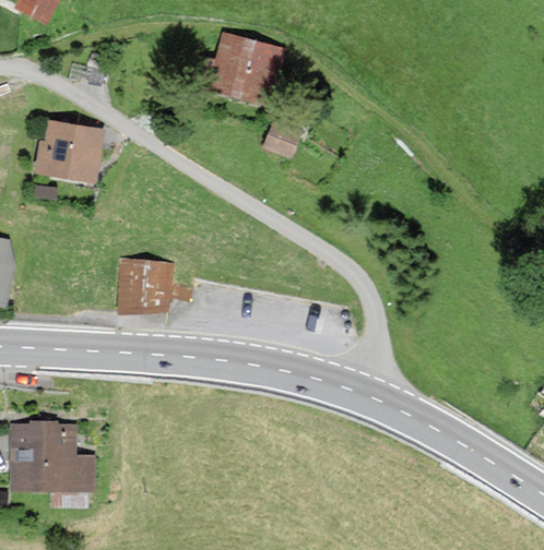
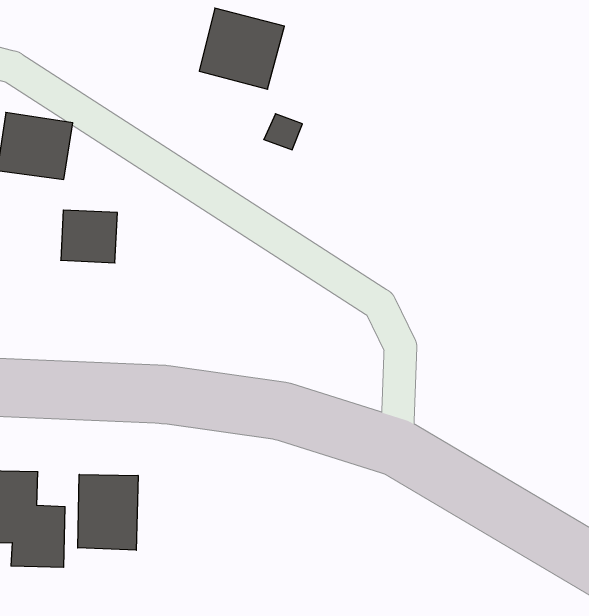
building: [121,263,169,308] -> [61,210,117,263]
building: none -> [78,474,138,550]

